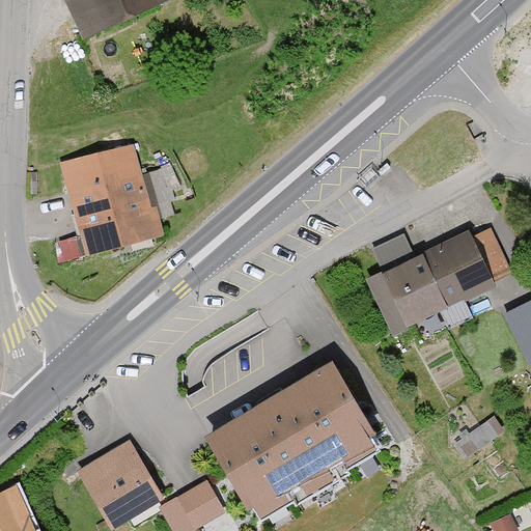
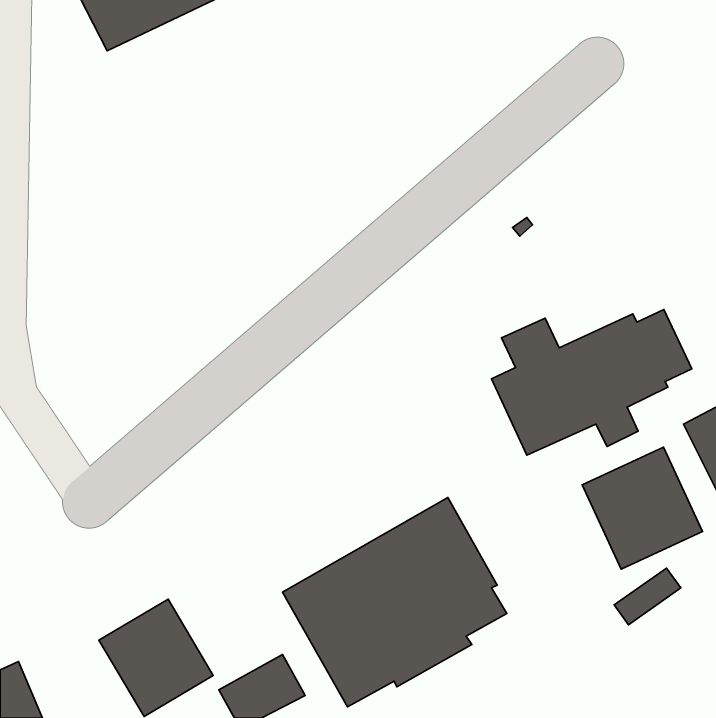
building: [60,141,160,256] -> none
building: none -> [582,447,702,569]

